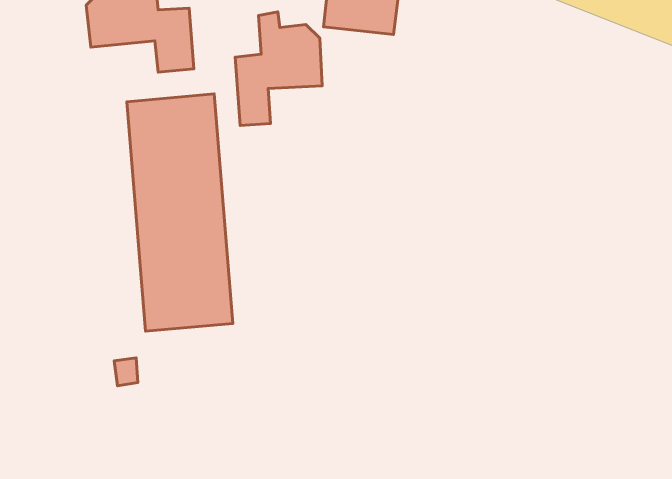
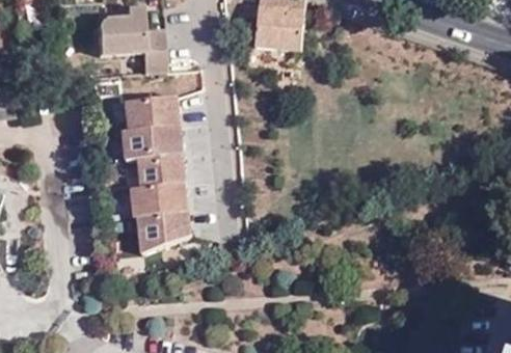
building: [235,12,322,126] -> none

